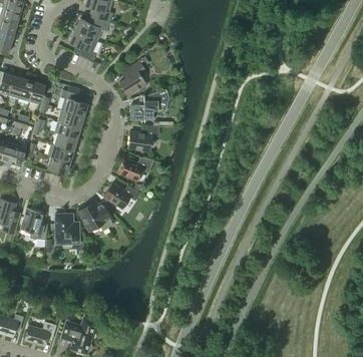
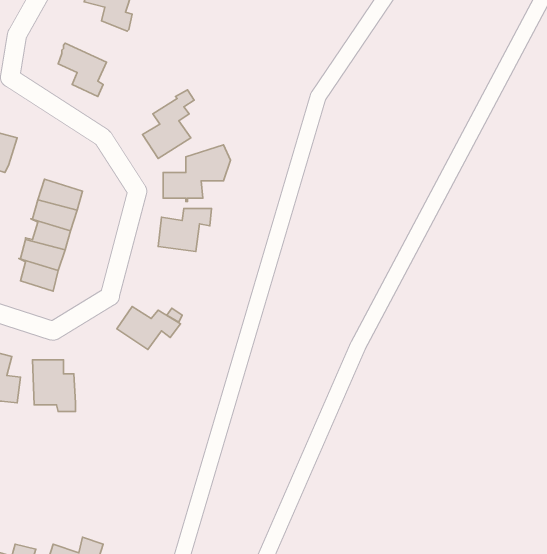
building: [74,16,110,40] -> none
building: [61,89,88,115] -> none
building: [119,156,154,181] -> none
building: [79,202,113,230] -> none

